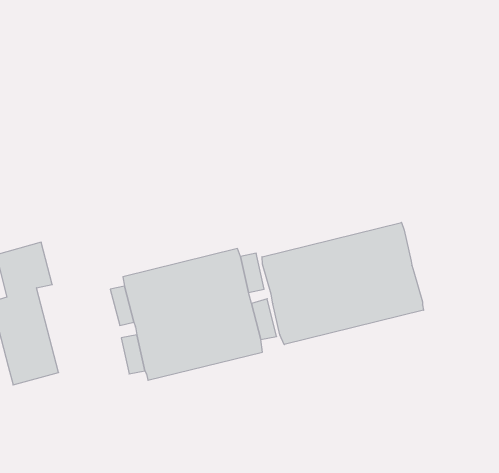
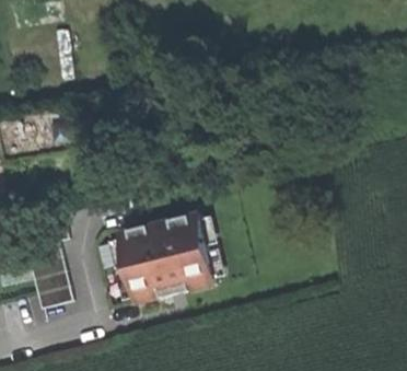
building: [262,222,424,345] -> none

